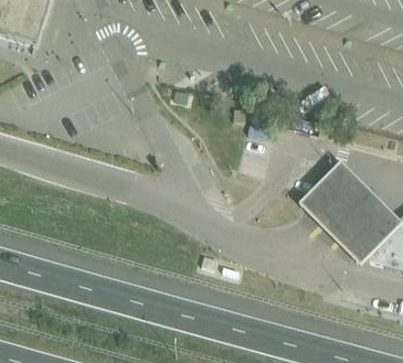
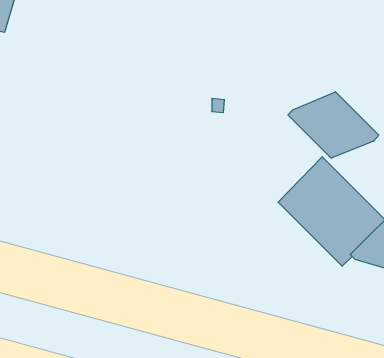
building: none -> [288,92,379,158]

